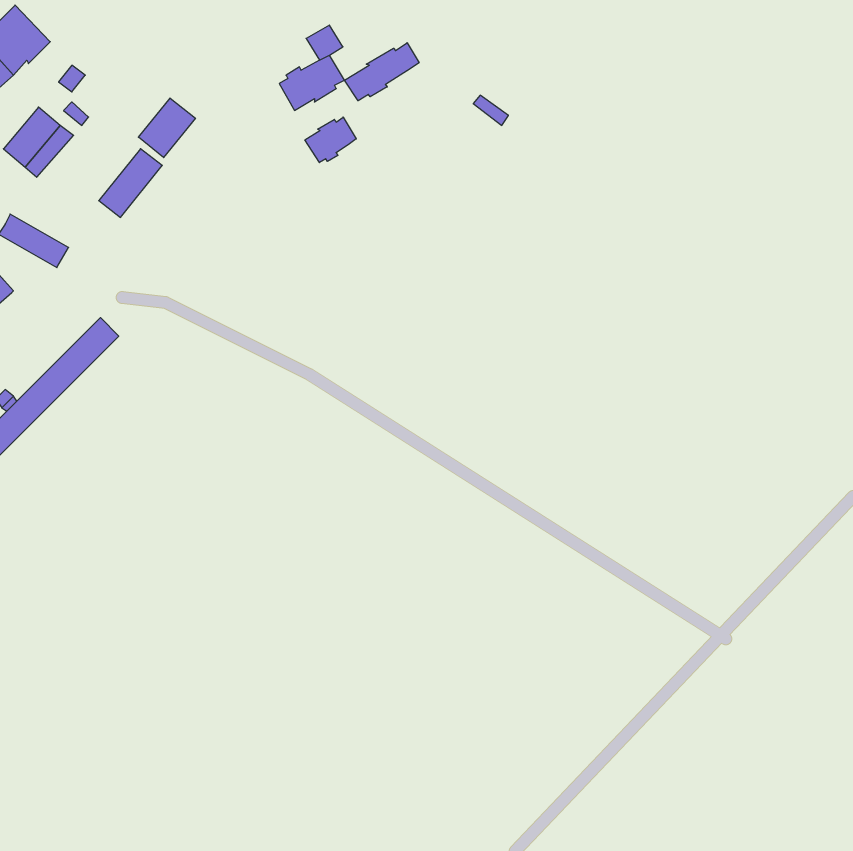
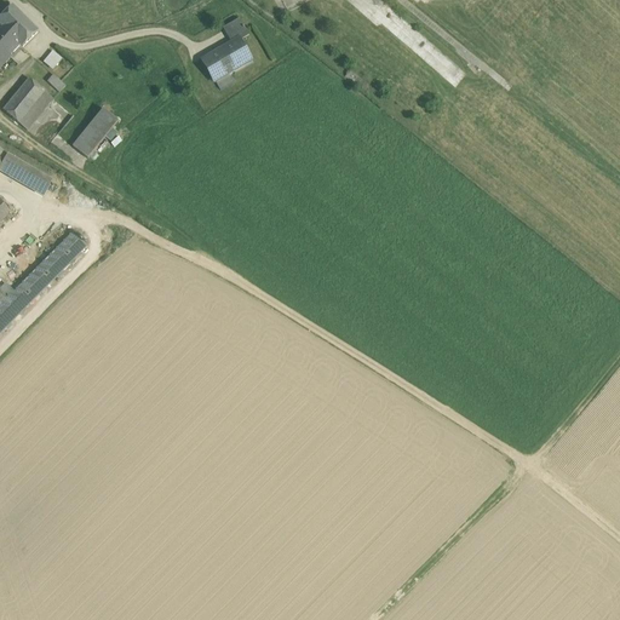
building: [345,43,419,101] -> none
building: [138,98,195,158] -> none
building: [305,117,356,163] -> none

